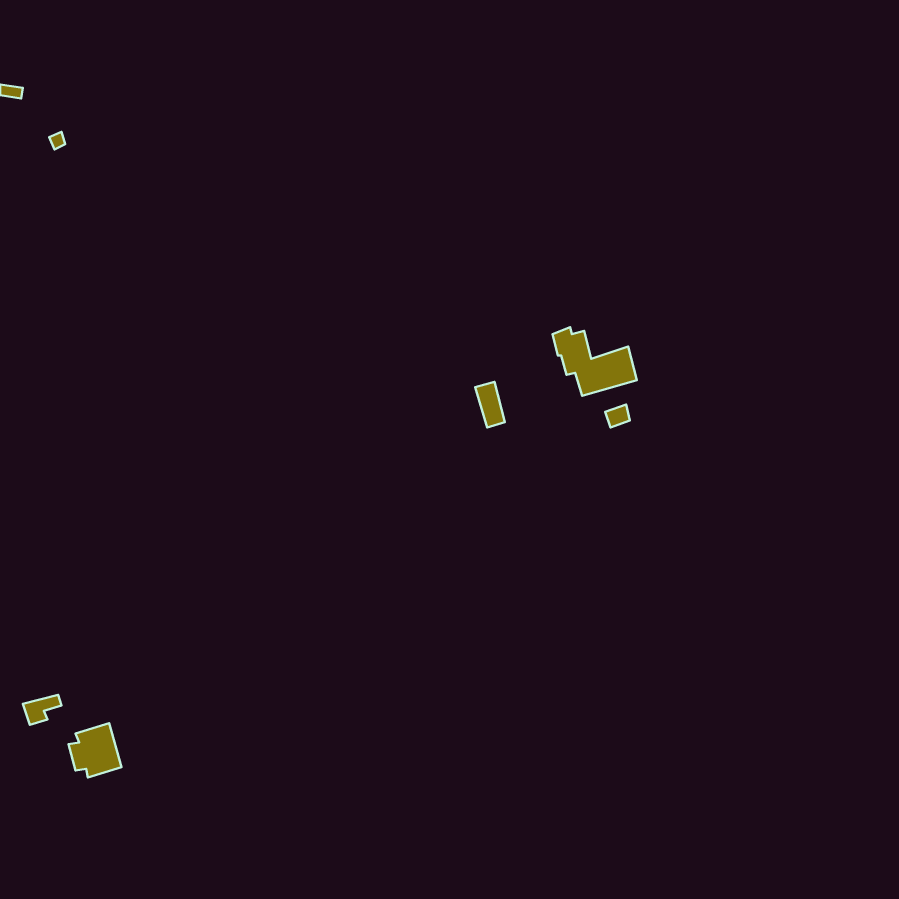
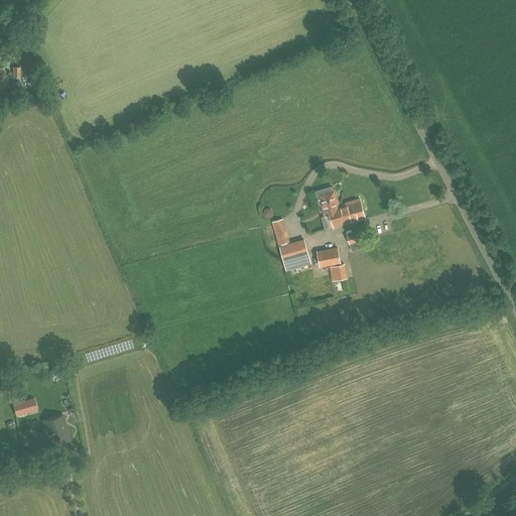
building: none -> [280,240,308,261]
building: none -> [316,249,347,280]

